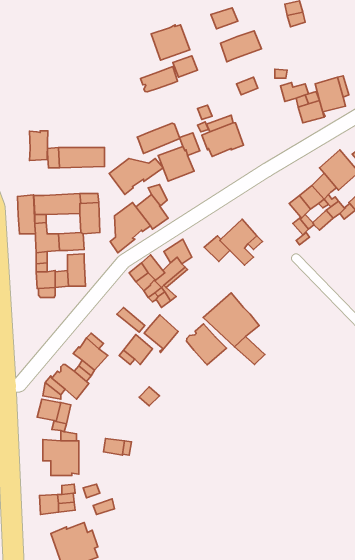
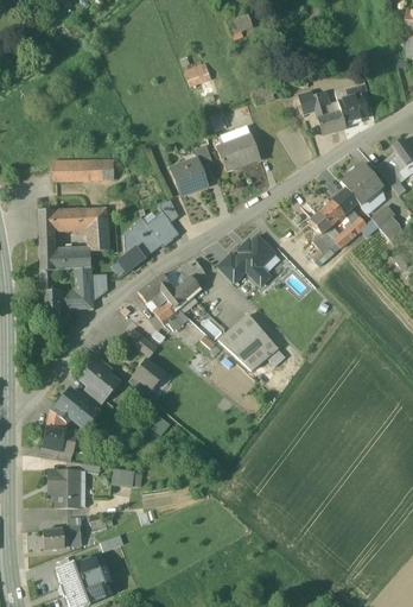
building: [151,25,190,60] -> none
building: [220,31,262,62] -> none
building: [140,66,178,92] -> none
building: [137,123,180,153] -> none
building: [30,131,48,160] -> none
building: [109,158,163,194] -> none
building: [18,195,35,234] -> none
building: [144,315,178,352] -> none
building: [187,324,227,365] -> none

